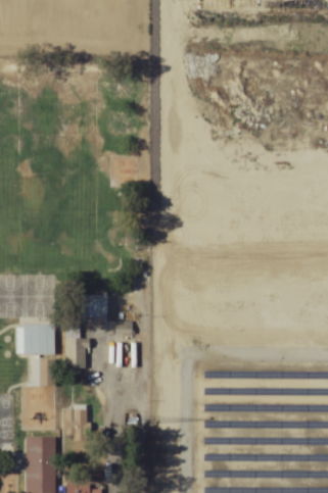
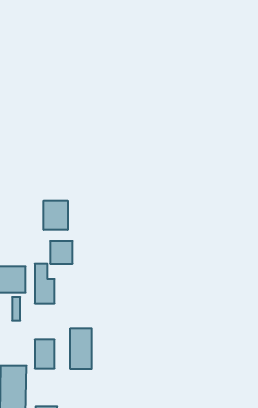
building: none -> [44,201,68,230]
building: none -> [70,328,92,369]

